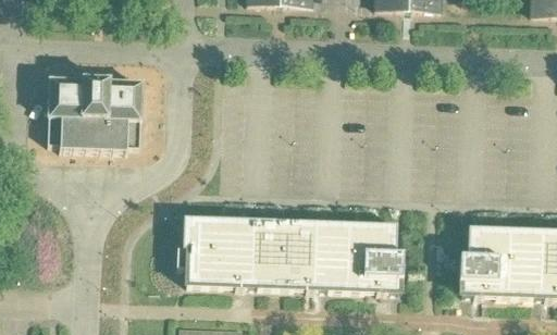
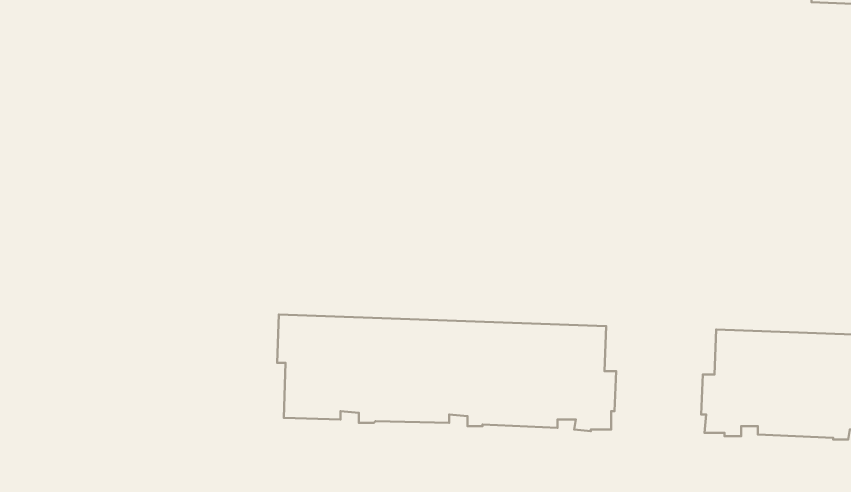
building: [47,77,141,150] -> none

